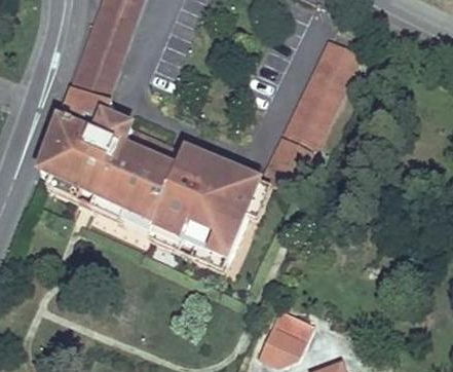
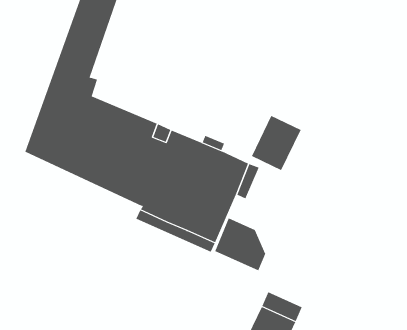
building: [287,39,358,143] -> none
building: none -> [214,217,266,271]

